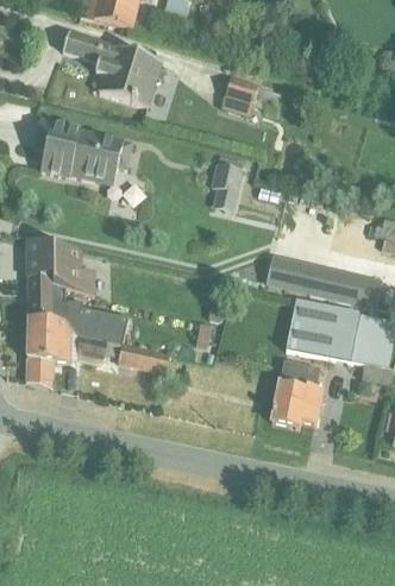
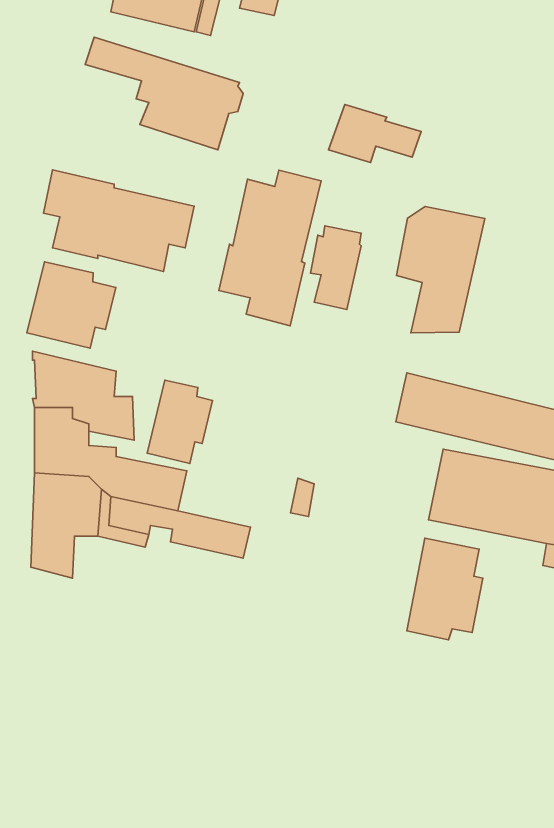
building: none -> [219,170,321,326]
building: none -> [397,207,485,333]
building: none -> [27,262,116,348]
building: none -> [147,380,212,463]

